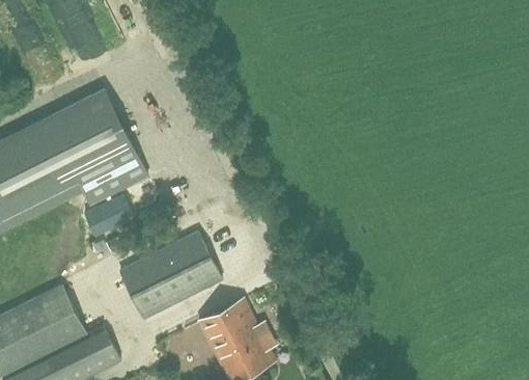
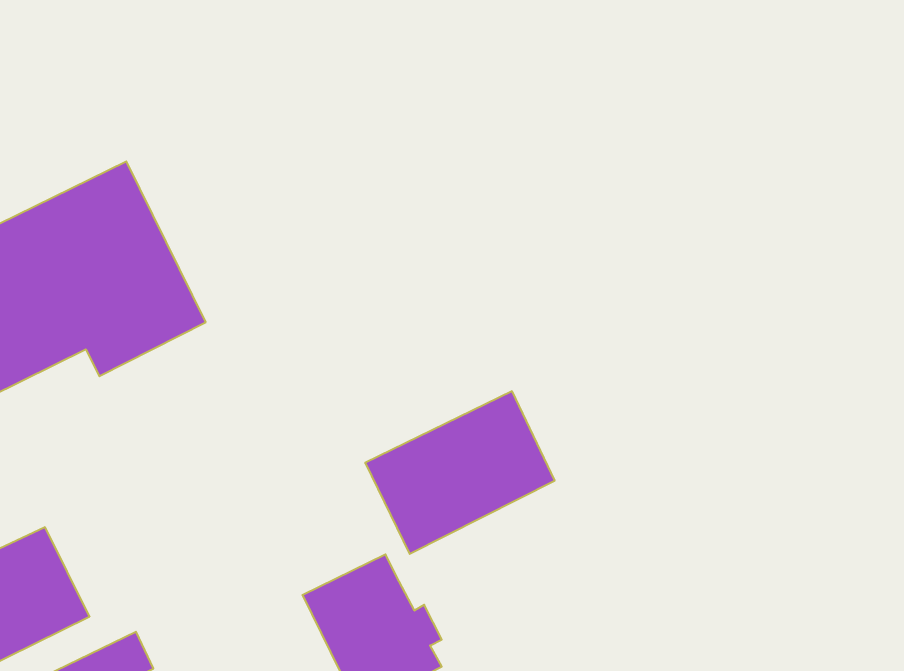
building: [84,195,133,236] -> none
building: [119,232,221,319] -> [365,391,555,554]

